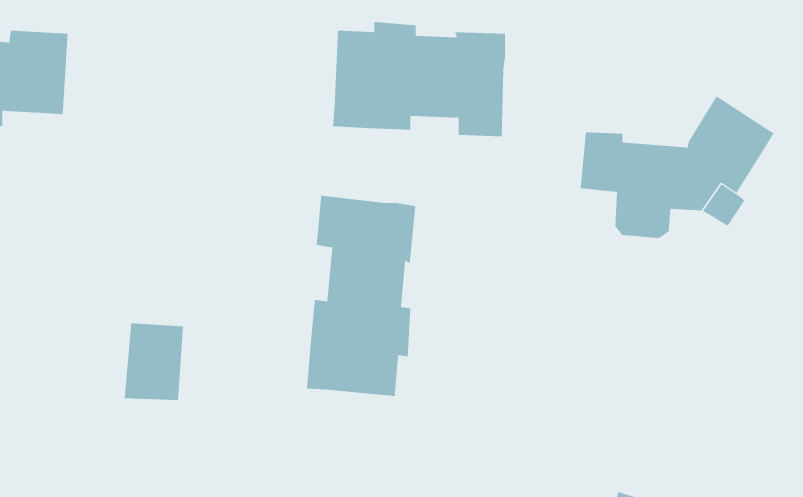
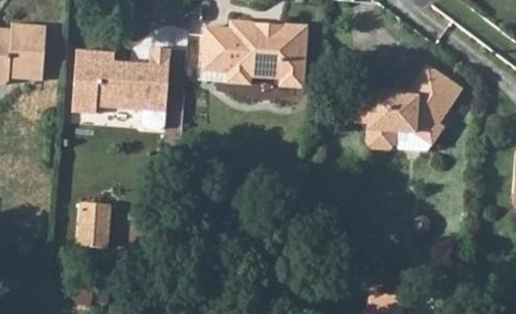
building: none -> [72,49,168,114]
building: [306,195,416,397] -> none

